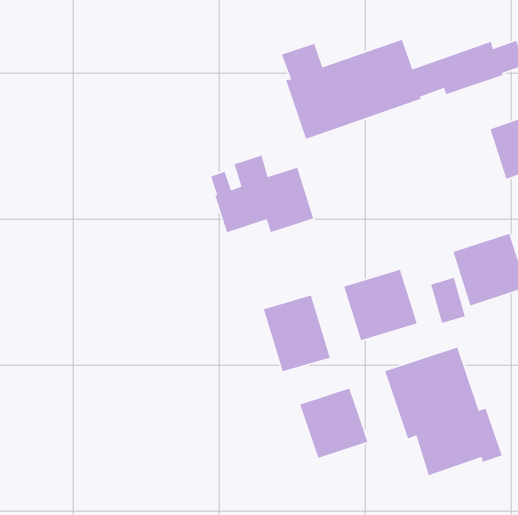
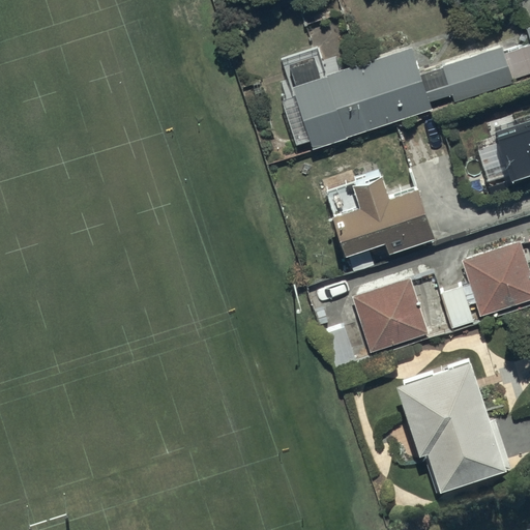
building: [210,155,314,233] -> [326,174,432,254]
building: [263,295,331,372] -> none
building: [299,387,368,459] -> none

